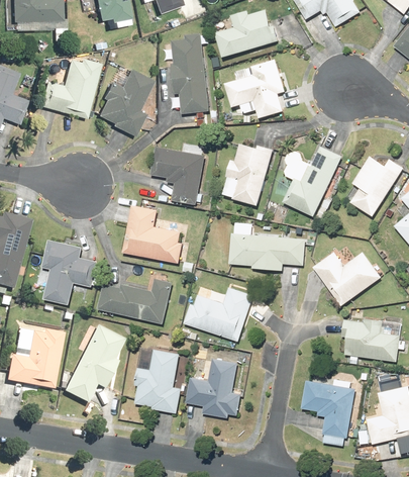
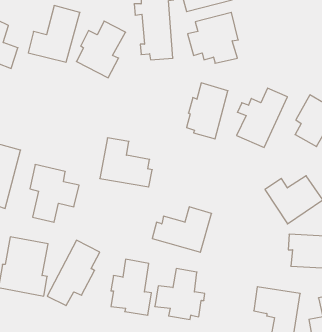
building: [149,147,205,204] -> none
building: [229,231,305,271] -> none
building: [96,279,170,322] -> none

